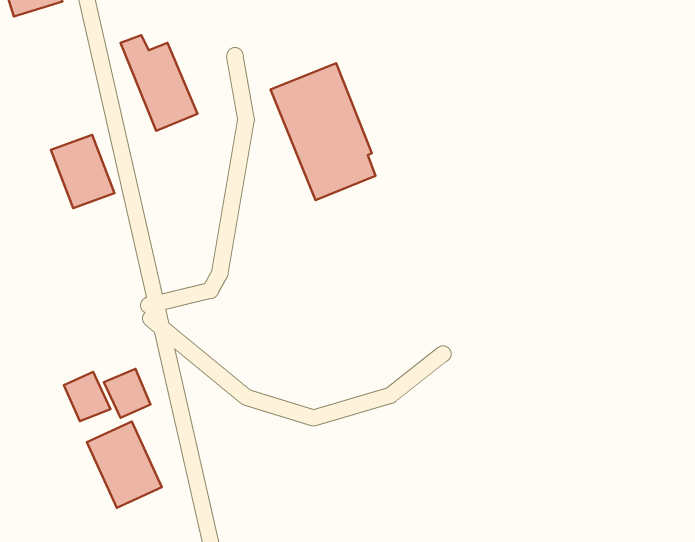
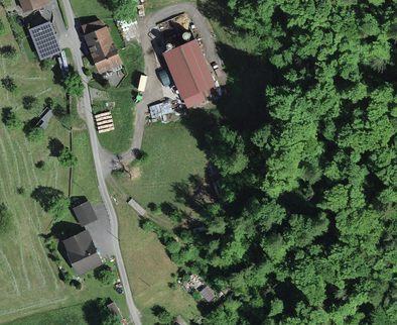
building: [51,135,114,208] -> [28,20,62,60]
building: [64,372,110,421] -> none

